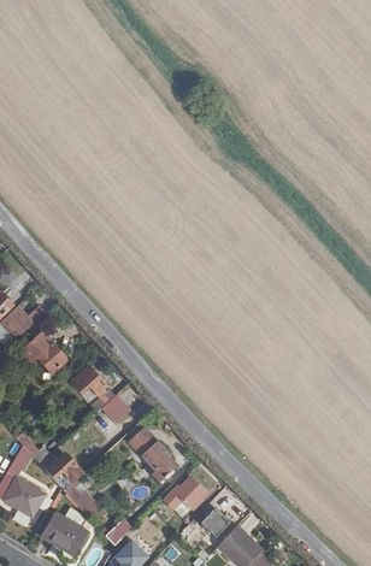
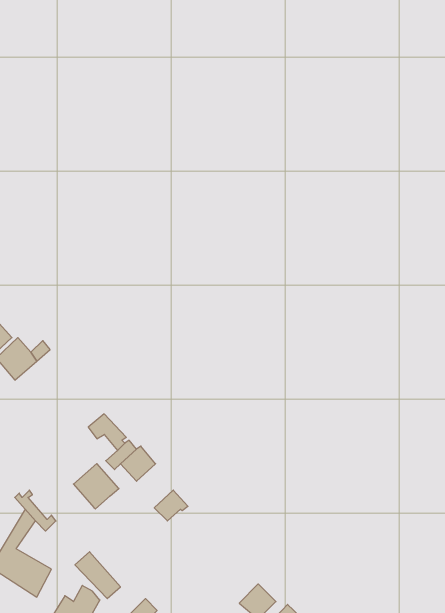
building: [26,331,65,372] -> none
building: [140,443,176,479] -> none
building: [46,454,83,491] -> [73,464,119,509]
building: [160,477,206,511] -> none

